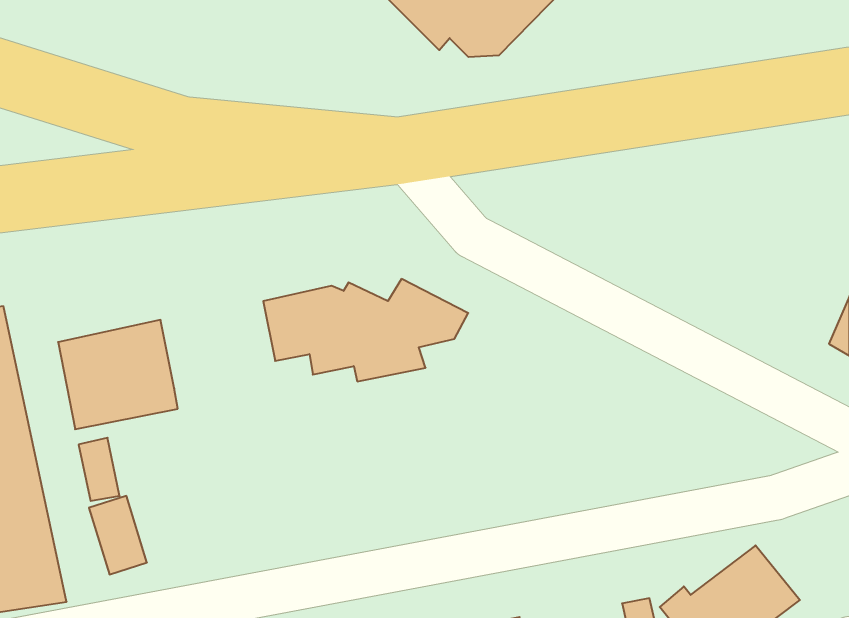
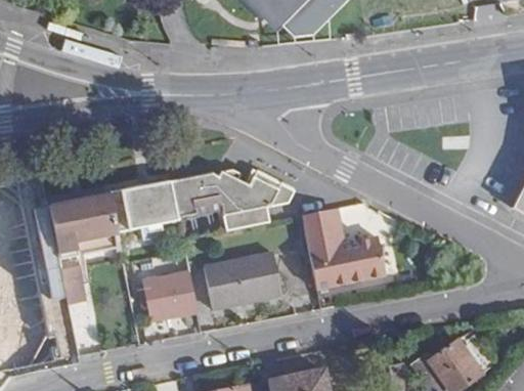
building: none -> [108,181,178,233]
building: none -> [300,209,385,289]
building: none -> [204,253,280,310]
building: none -> [137,272,198,322]

